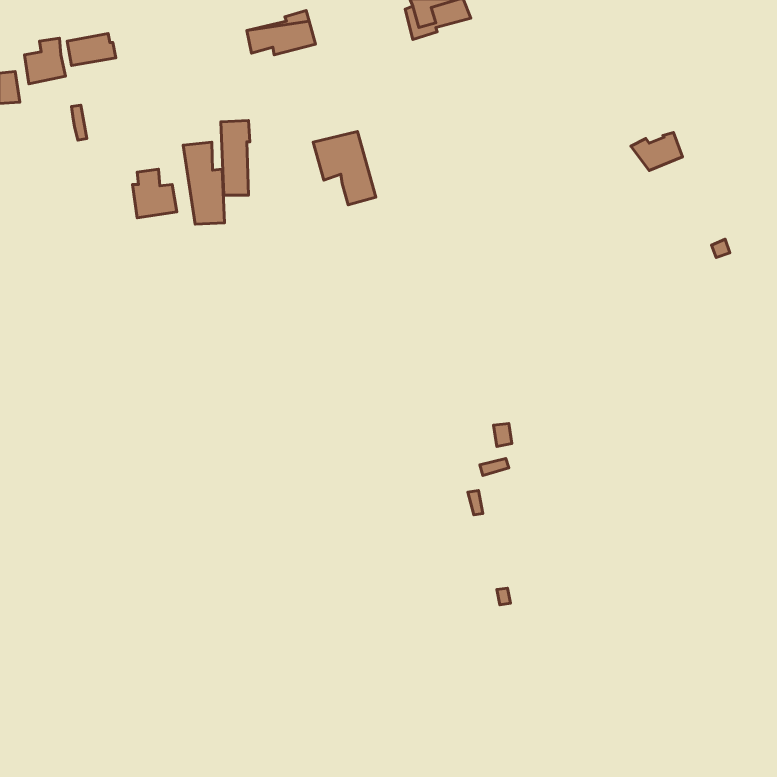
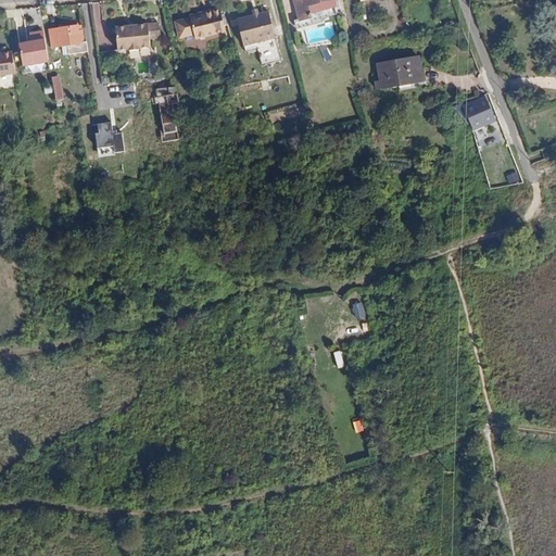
building: none -> [114,23,149,49]
building: none -> [374,55,422,89]
building: [313,132,376,205] -> [236,12,280,64]
building: [183,142,225,224] -> none

